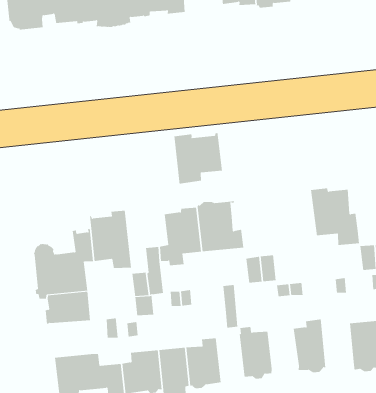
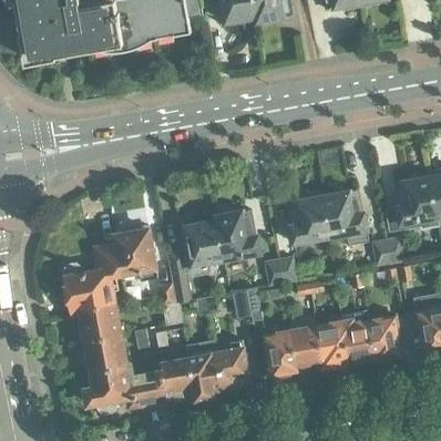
building: [174,132,222,185] -> none
building: none -> [286,194,329,245]
building: none -> [340,311,373,362]
building: none -> [82,334,126,371]
building: none -> [290,327,321,367]

